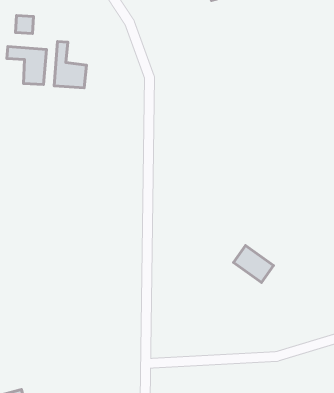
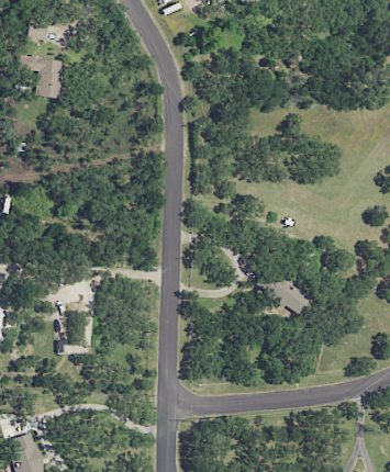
building: [54,41,86,88] -> none

